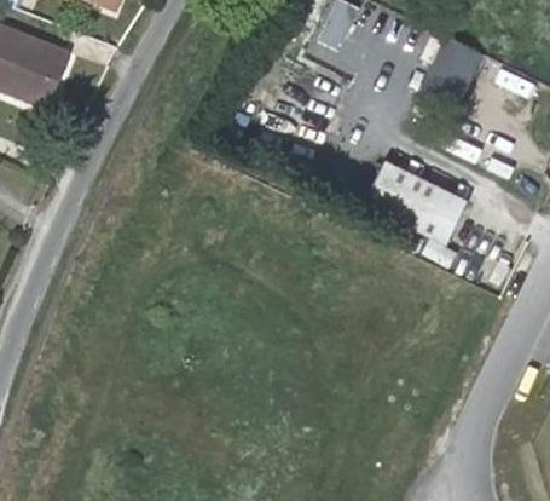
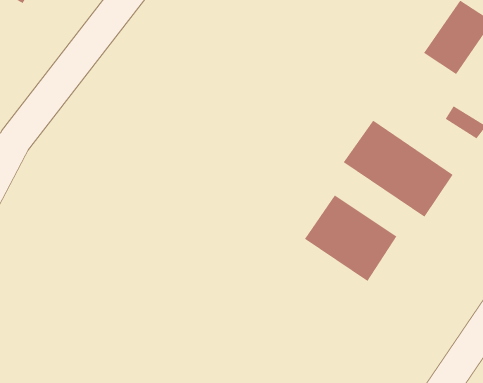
building: none -> [304,195,397,282]

